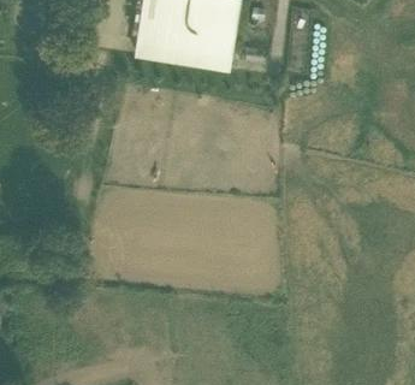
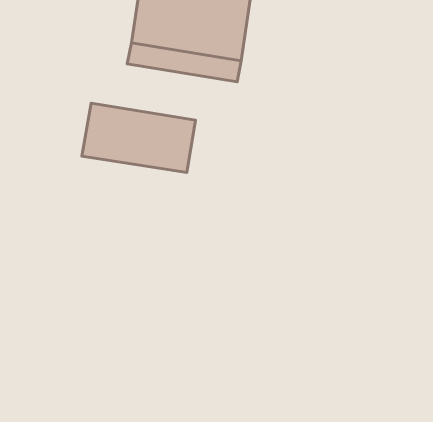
building: none -> [82,103,196,172]

